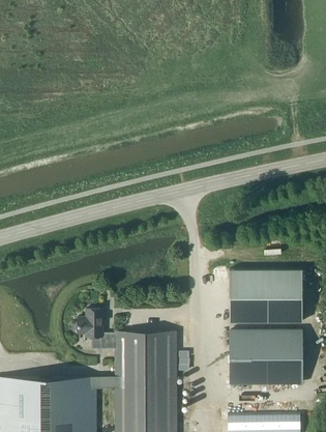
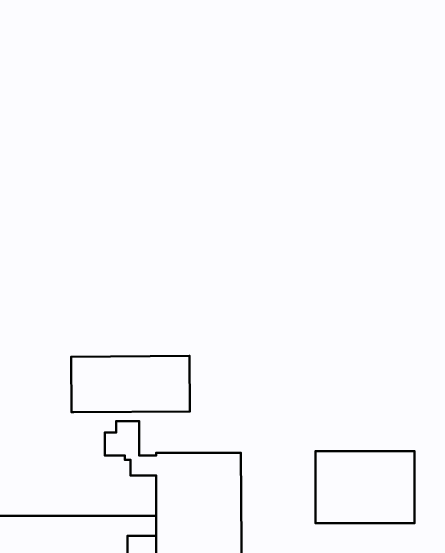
building: none -> [71,356,190,412]
building: [230,269,303,323] -> none

